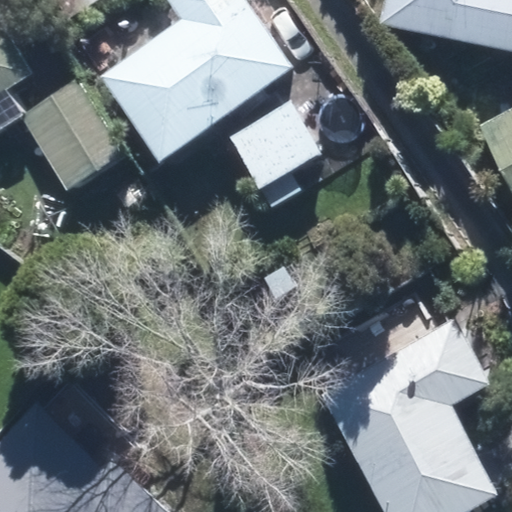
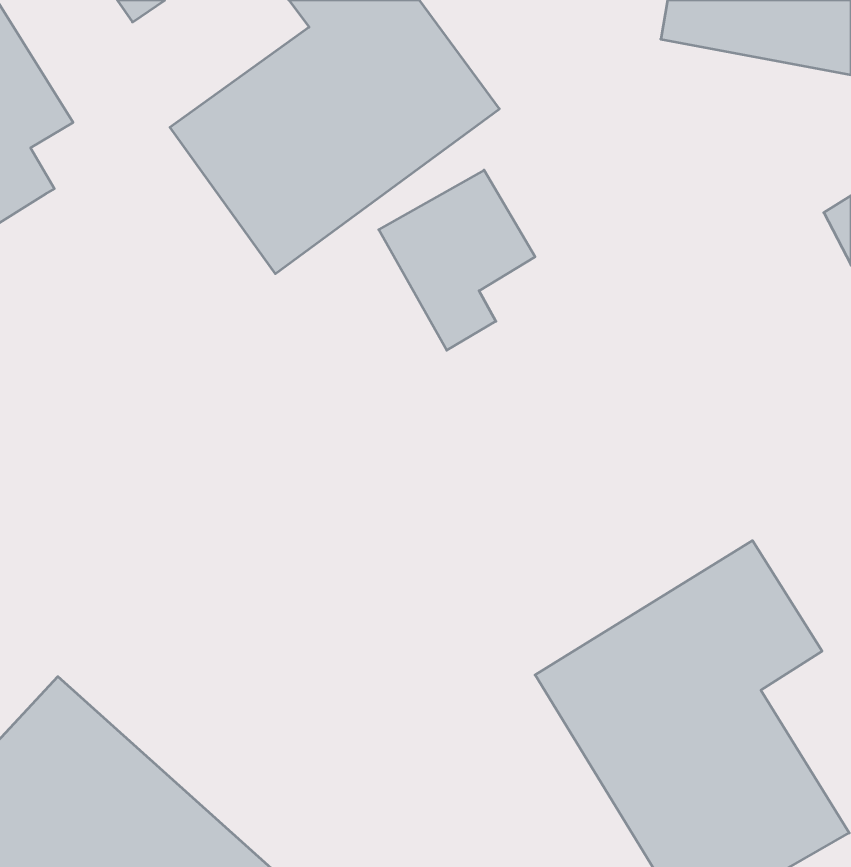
building: [27,81,138,221] -> none

